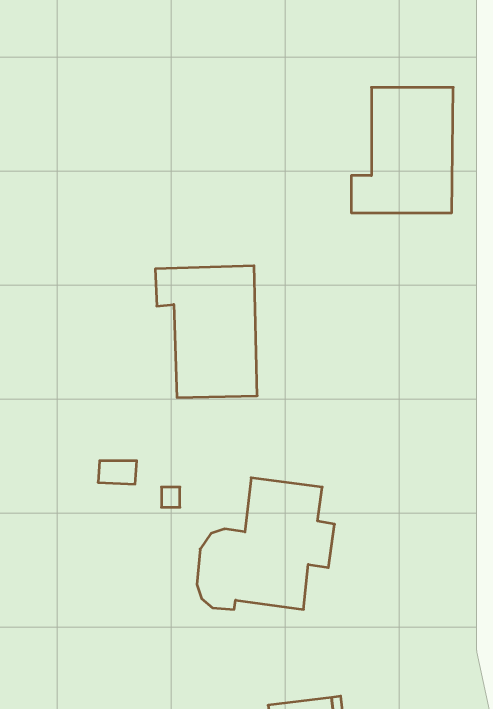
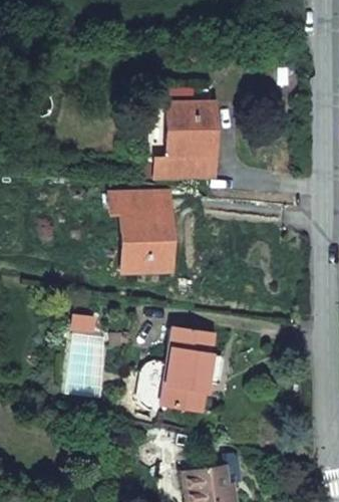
building: [351,87,453,213] -> [151,98,218,180]

